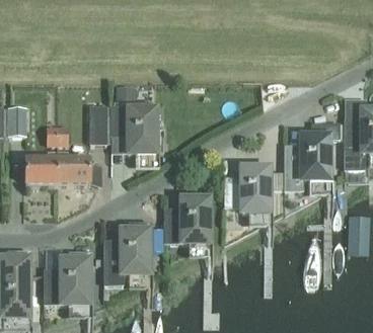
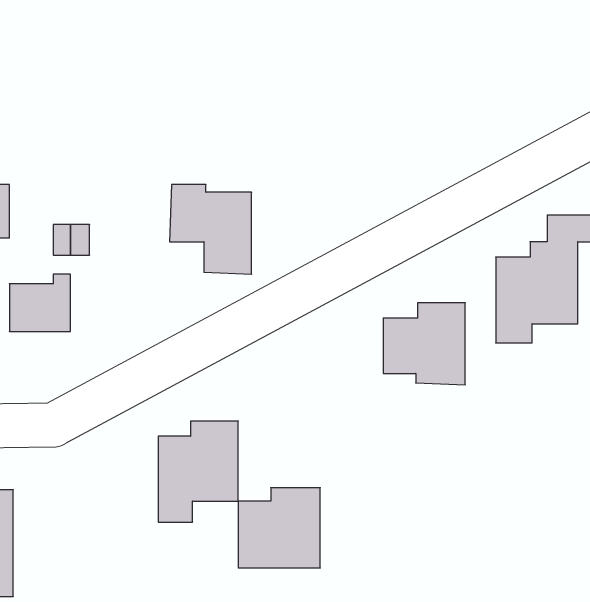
building: [92,104,108,142] -> none
building: [60,152,101,182] -> none
building: [166,198,210,241] -> [238,488,320,568]
building: [46,259,89,302] -> none

